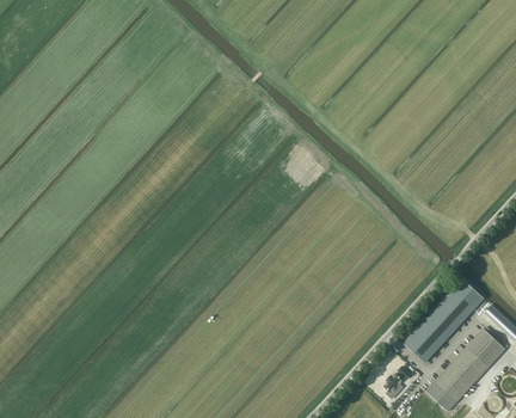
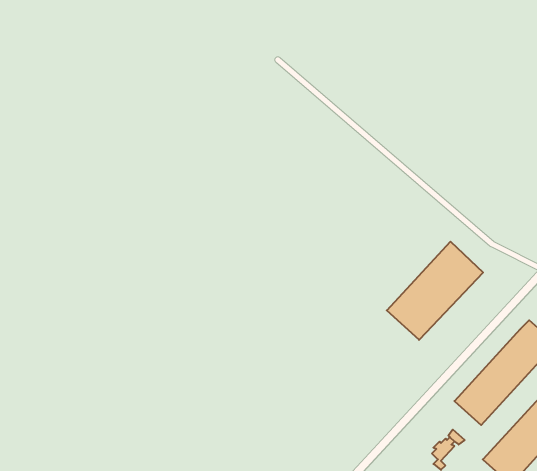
building: none -> [387,242,483,340]

